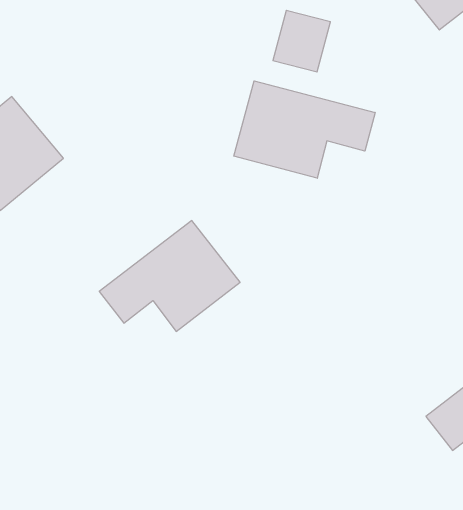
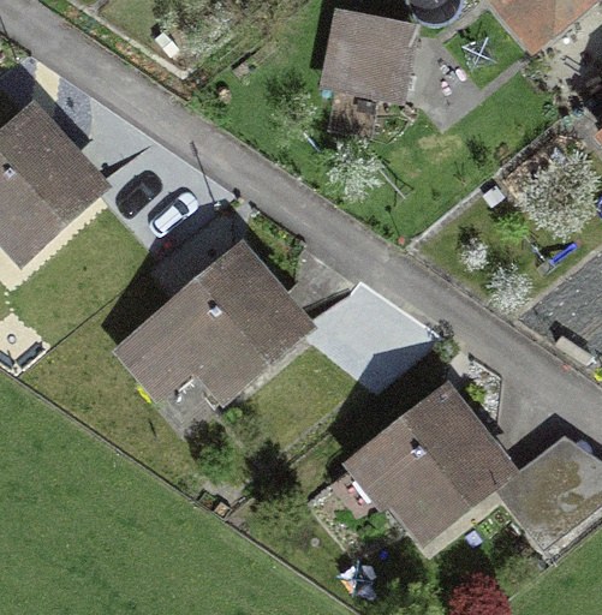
building: [234,81,375,178] -> none
building: none -> [365,402,495,530]

